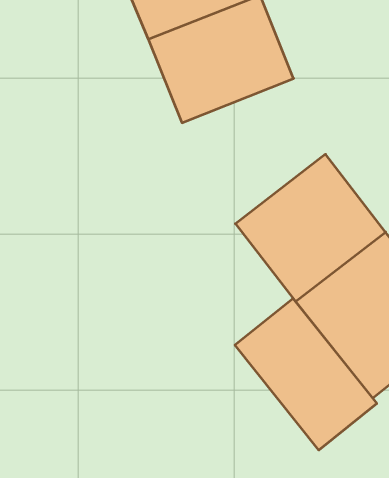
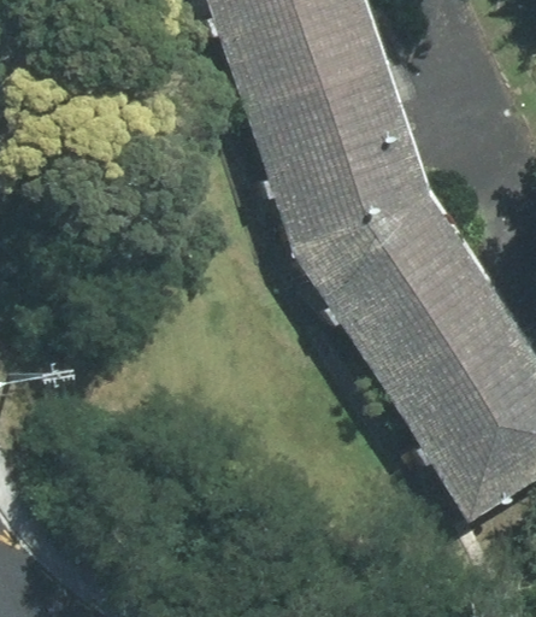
building: none -> [265,121,437,293]
building: [235,298,377,450] -> none

